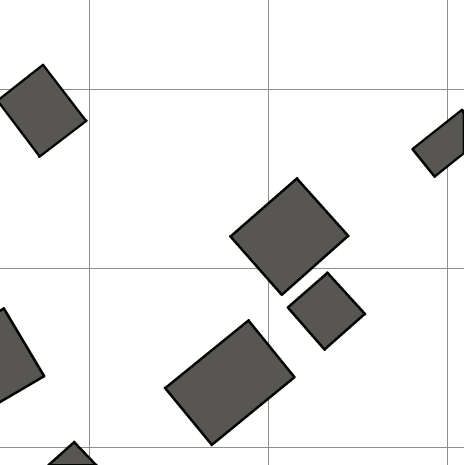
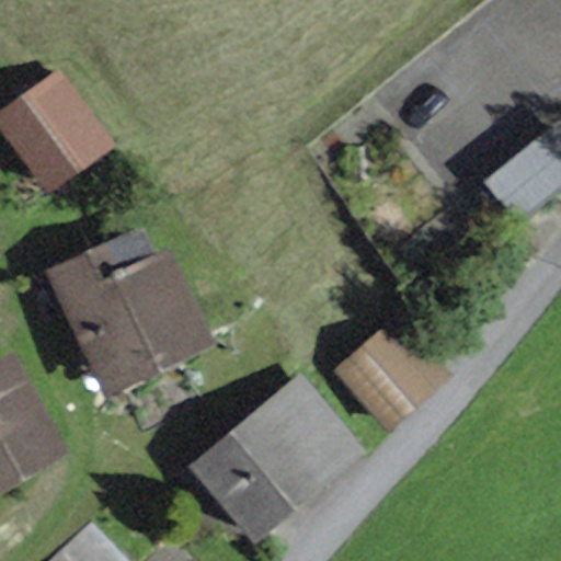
building: [230,178,348,295] -> none
building: none -> [55,248,206,387]

